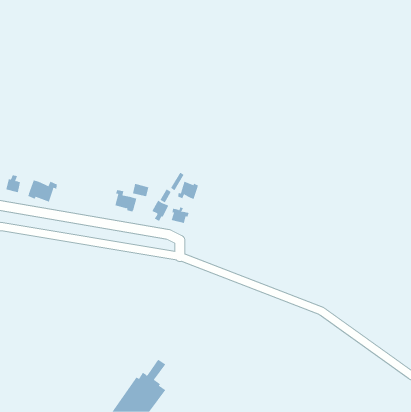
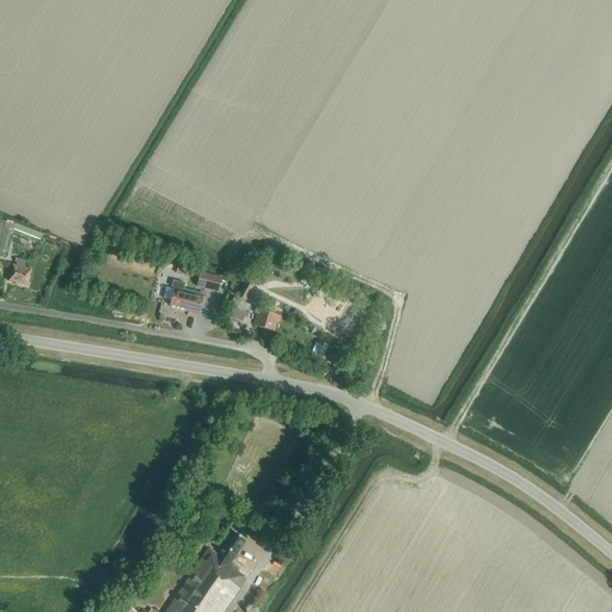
building: [28,179,58,203] -> none
building: [178,181,198,200] -> none

